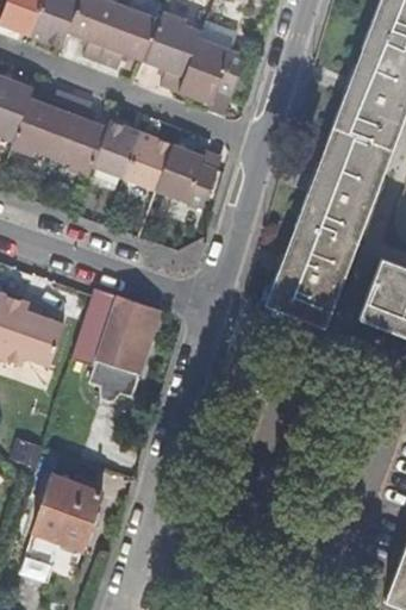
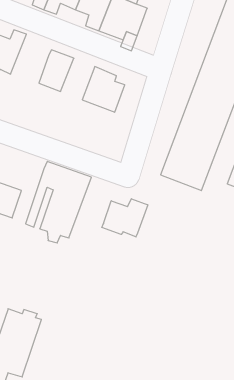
building: [51,100,106,175] -> none
building: [123,135,171,194] -> none
building: none -> [102,199,148,237]

